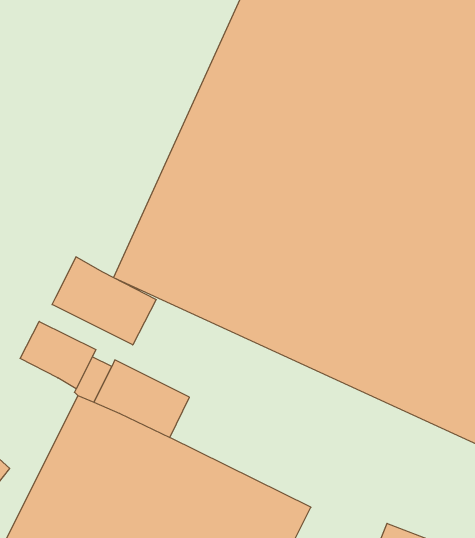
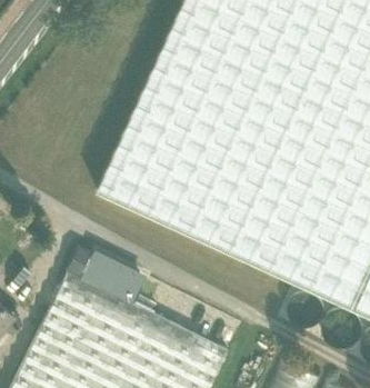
building: [52,257,156,345] -> none
building: [20,321,96,389] -> none

